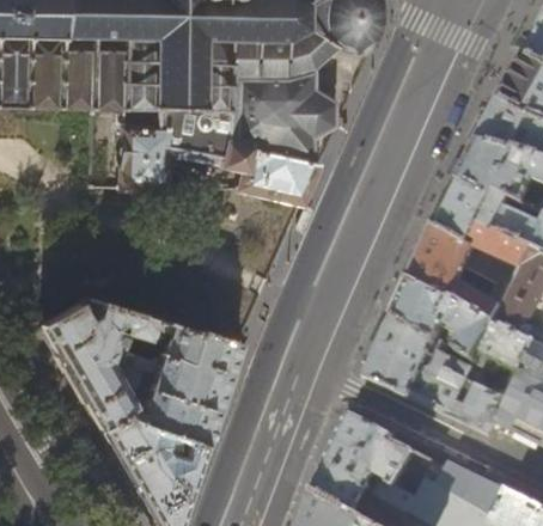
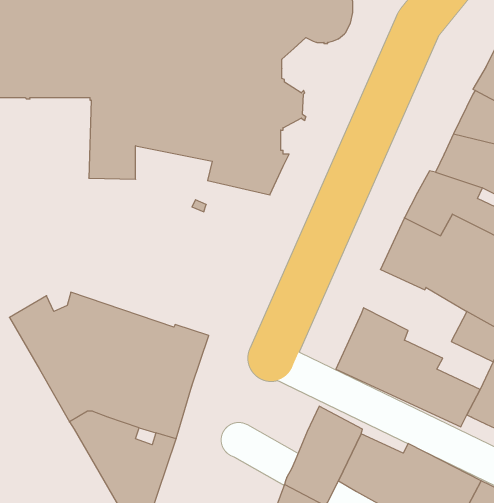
building: [395,277,498,357] -> none

